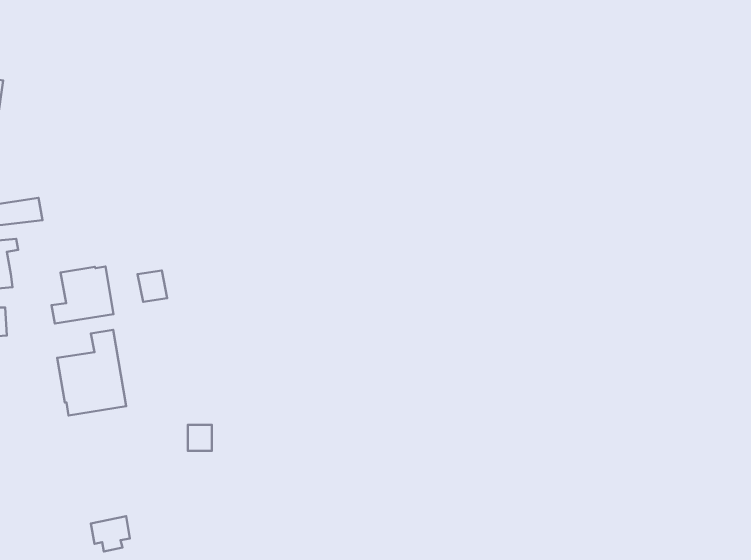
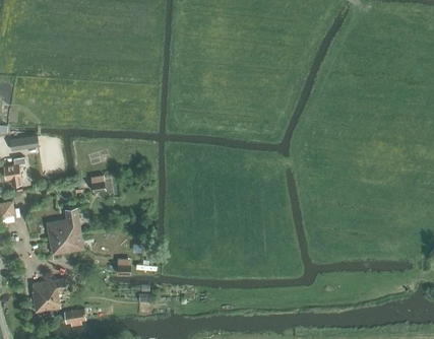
building: [52,266,114,324] -> none
building: none -> [28,277,64,310]

